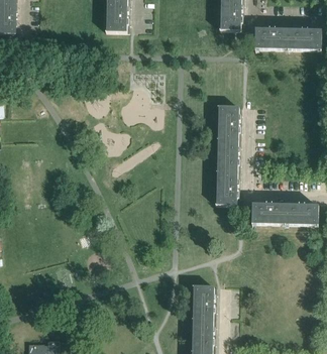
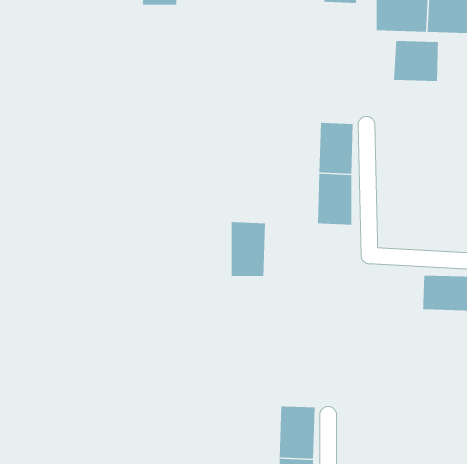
building: none -> [393,38,439,82]
building: [214,170,239,206] -> [226,221,266,277]
building: [251,202,285,227] -> none

